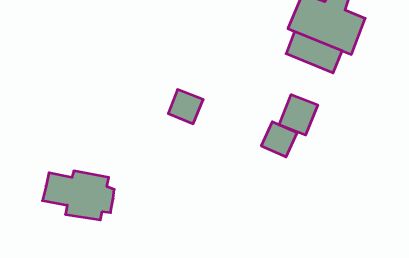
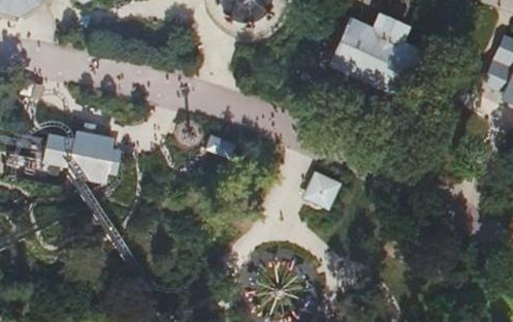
building: [279,95,318,135] -> none
building: [42,171,114,220] -> [41,128,122,183]

